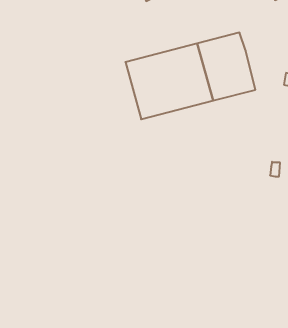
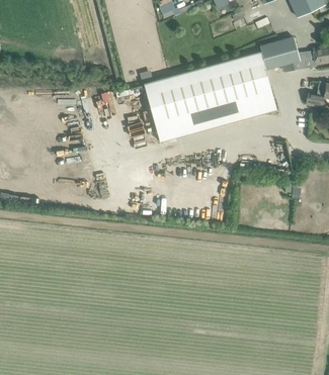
building: none -> [260,37,300,70]

